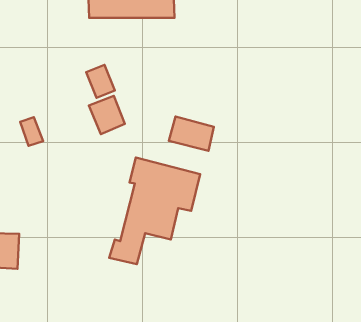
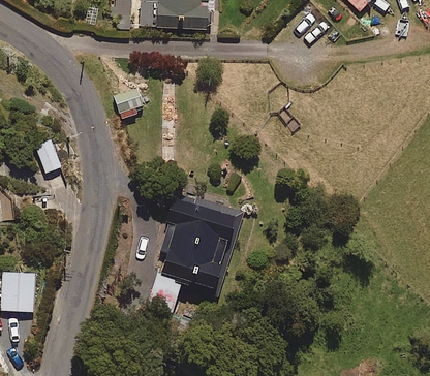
building: [89,96,125,134] -> none
building: [169,116,214,151] -> none

